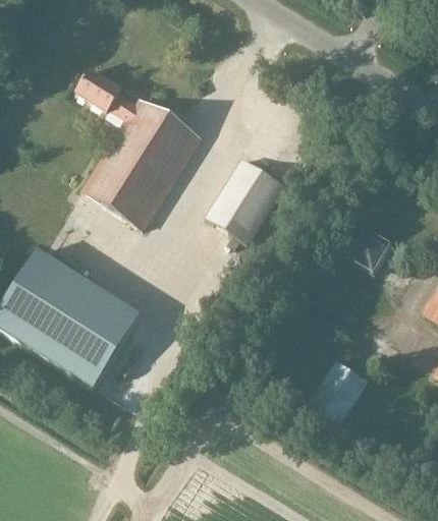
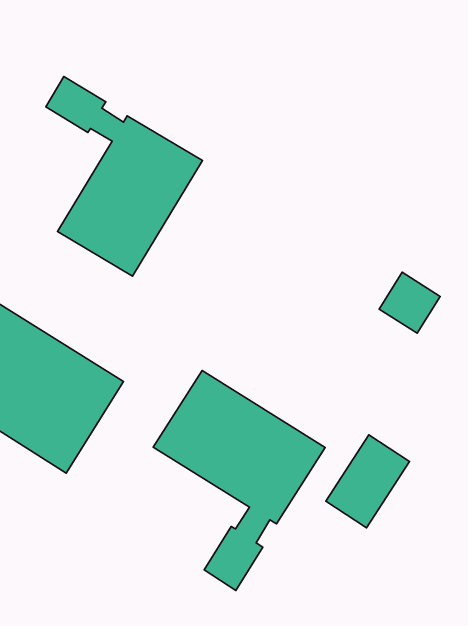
building: [205,155,287,242] -> none
building: none -> [153,370,325,590]

